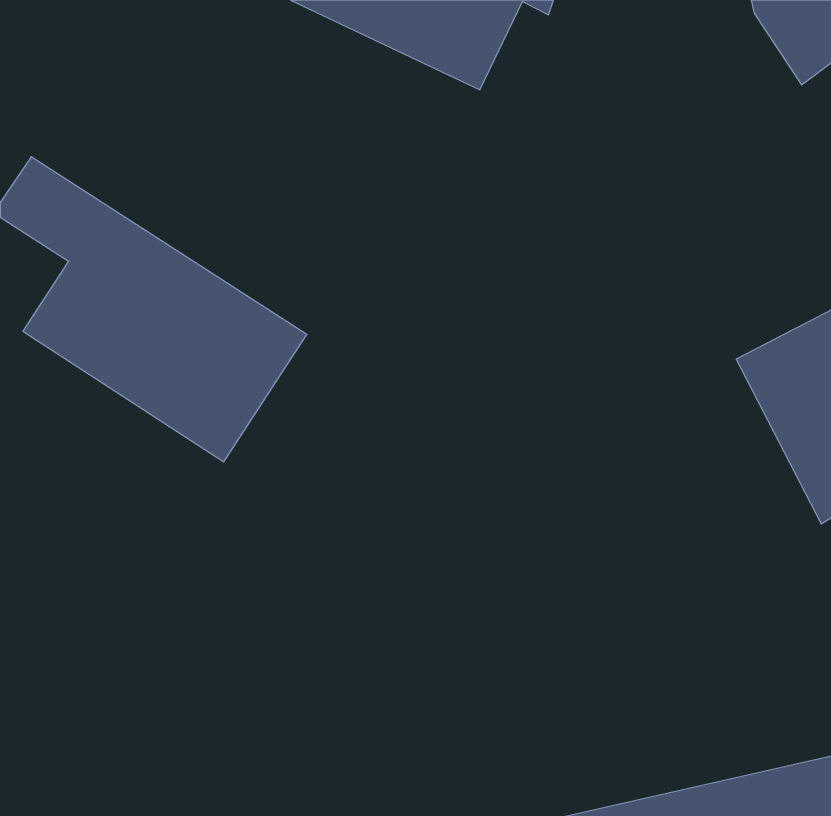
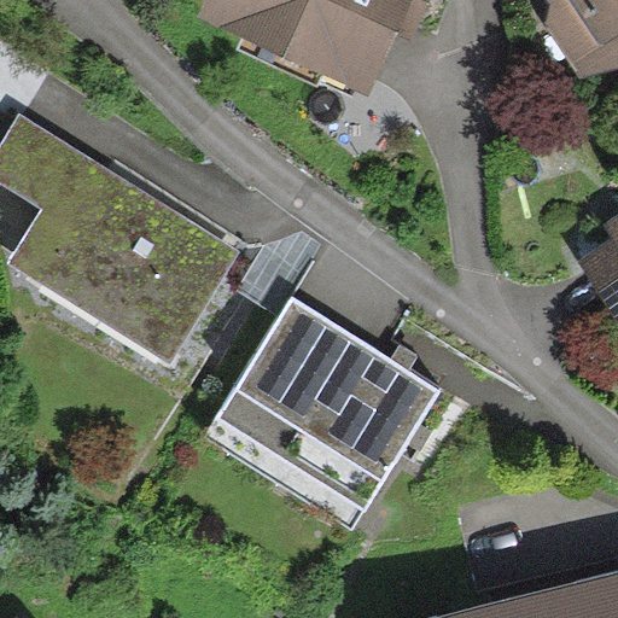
building: none -> [216,307,430,518]

